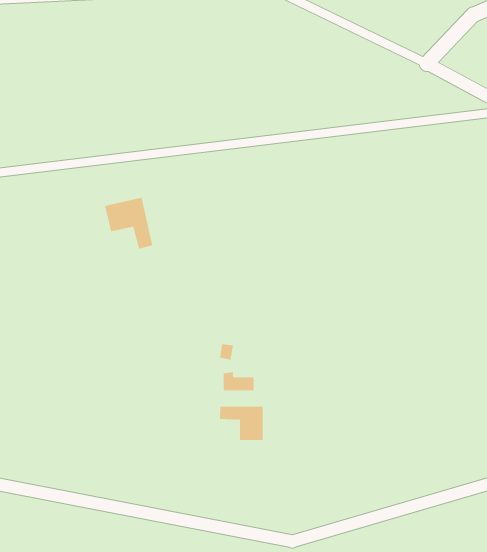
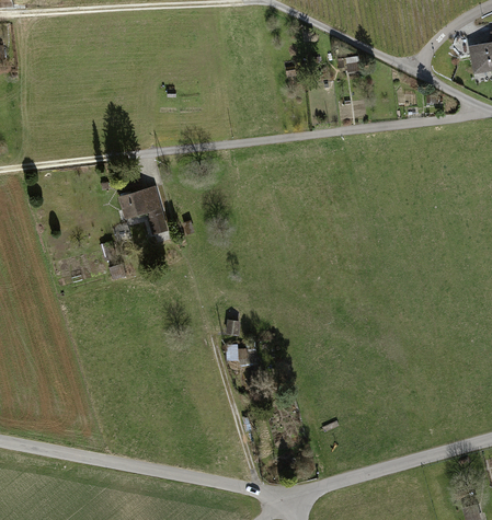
building: [219,406,264,441] -> none

